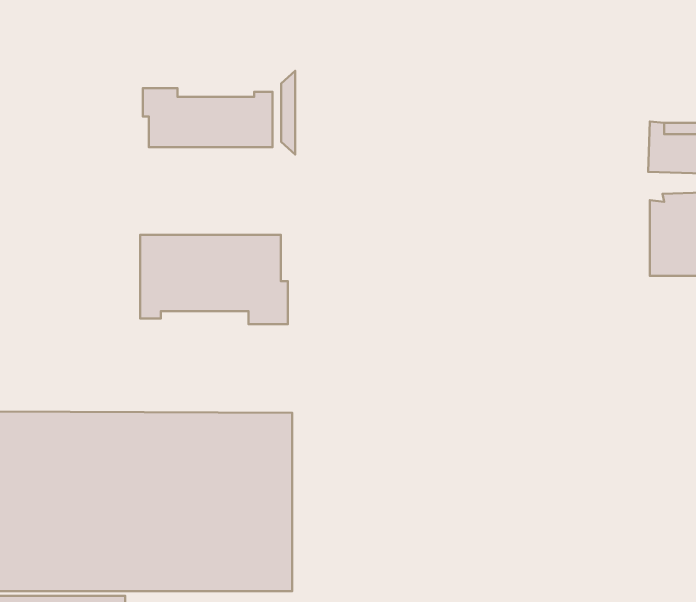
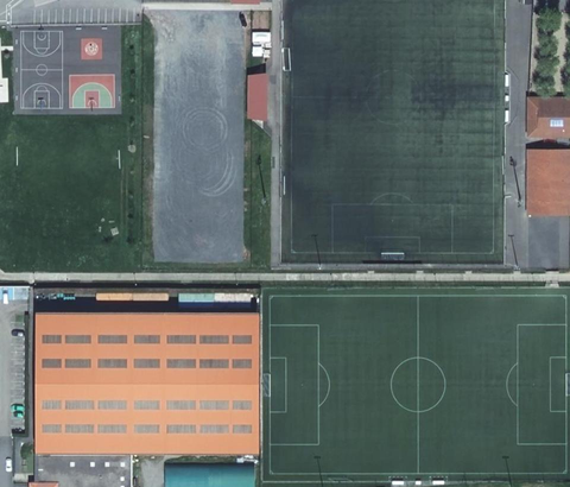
building: [143,88,272,147] -> none
building: [140,235,288,324] -> none

